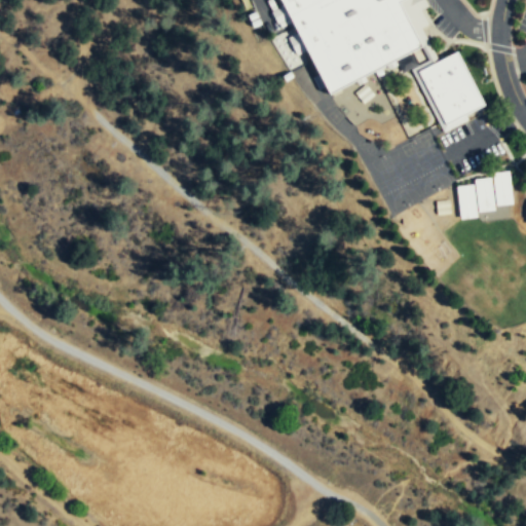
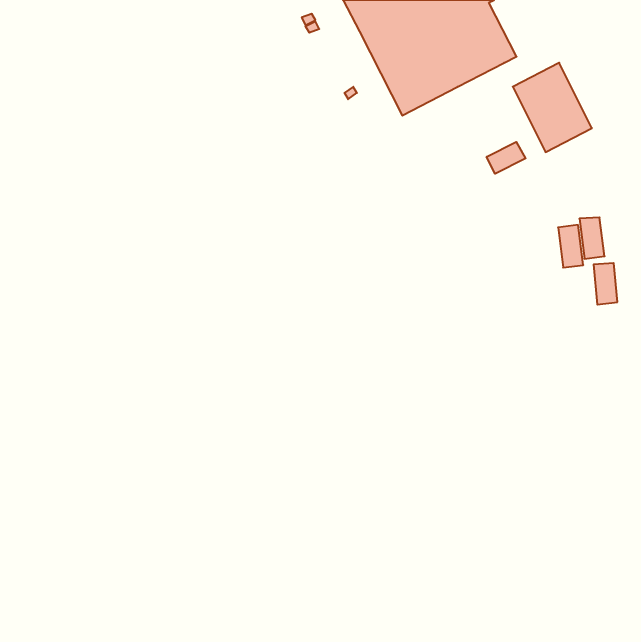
building: none -> [487,142,526,174]
building: [493,172,513,205] -> [594,263,617,305]

